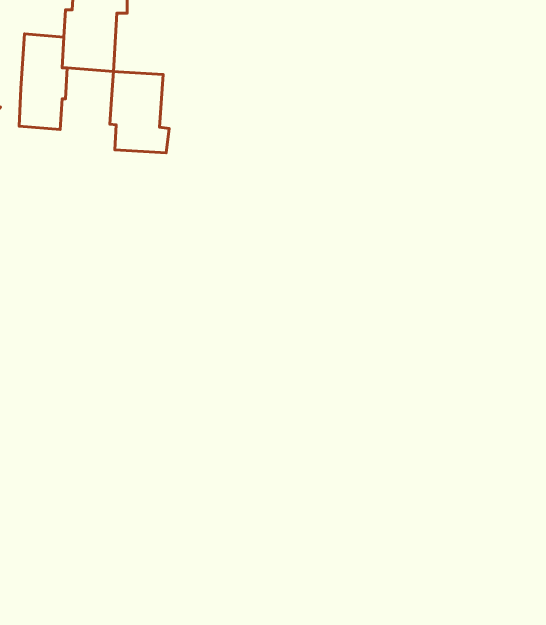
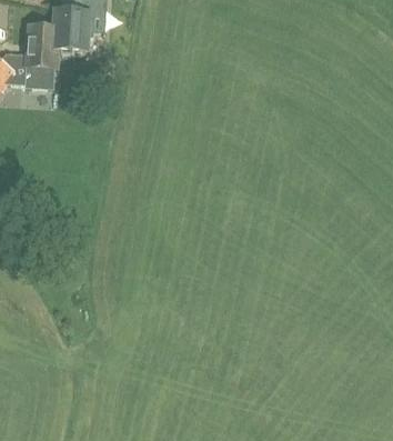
building: [110,71,169,153] -> none

